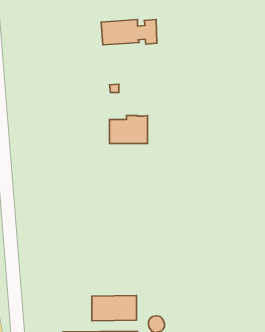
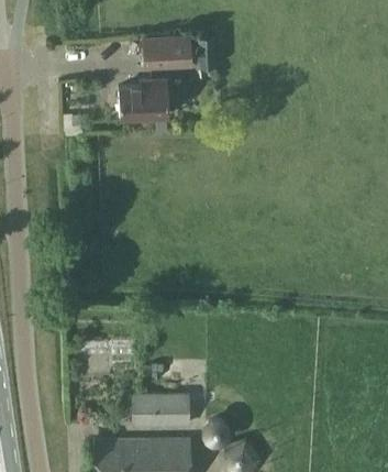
building: [110,115,148,143] -> [119,79,168,116]

